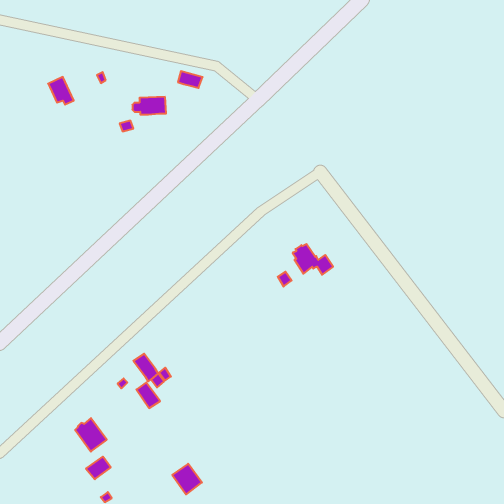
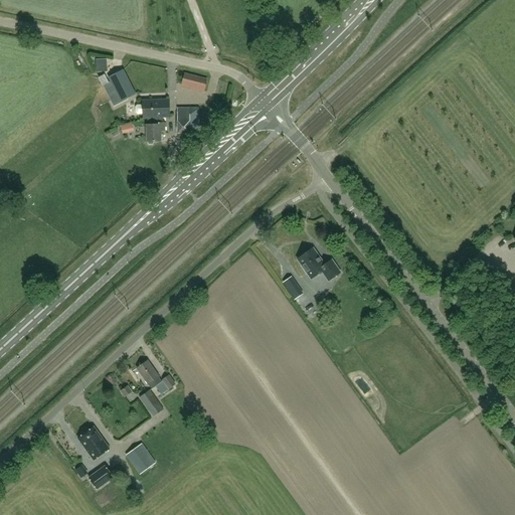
building: [48,77,74,105] -> [108,69,134,98]
building: none -> [177,107,198,133]
building: none -> [146,116,164,143]
building: [172,464,202,494] -> [125,443,155,474]

